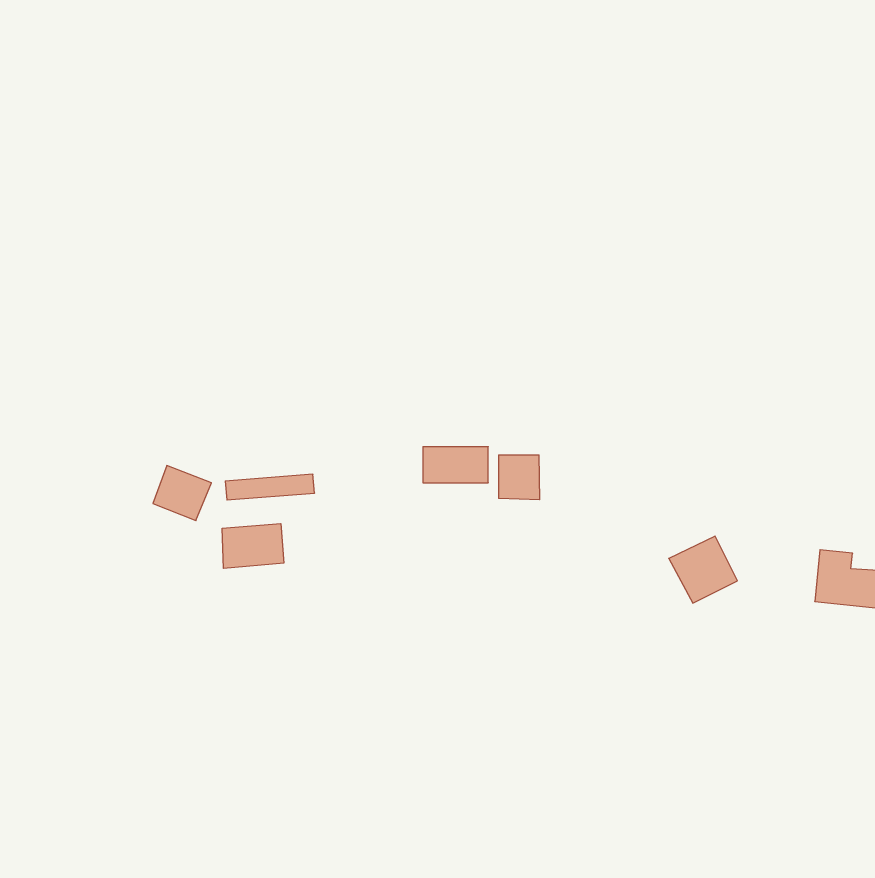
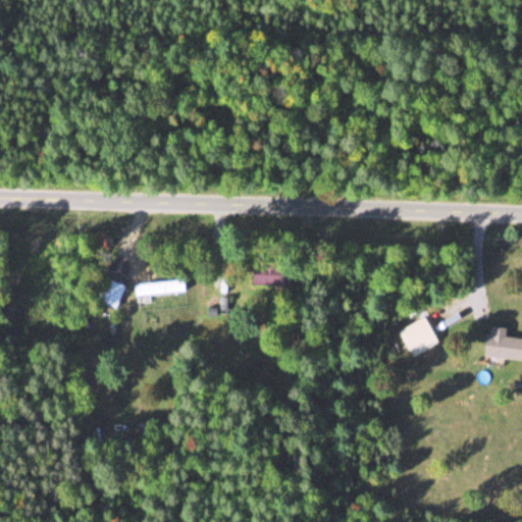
building: [499,455,540,500] -> none
building: [222,524,284,568] -> none

